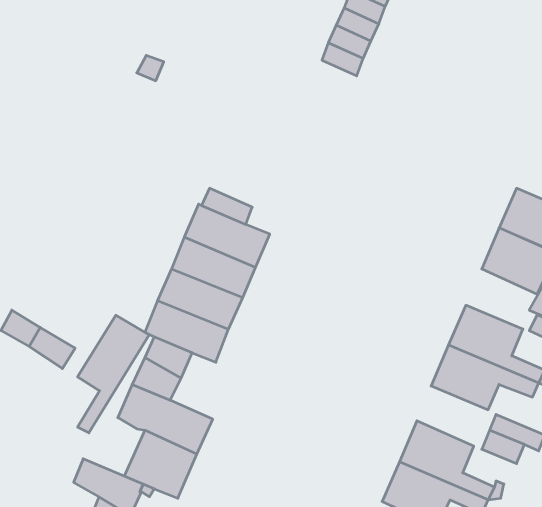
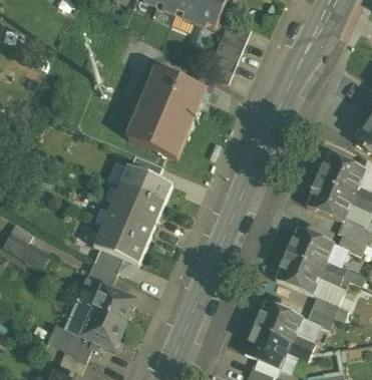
building: none -> [127,67,206,158]
building: [78,315,149,433] -> none

